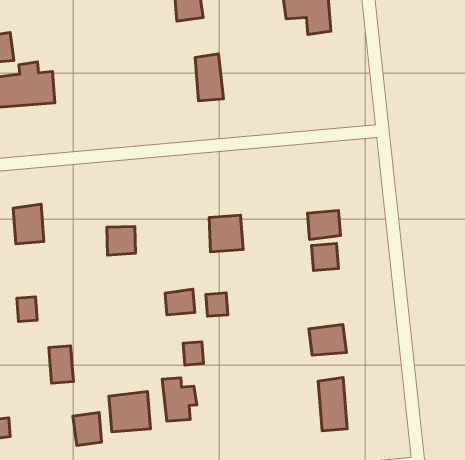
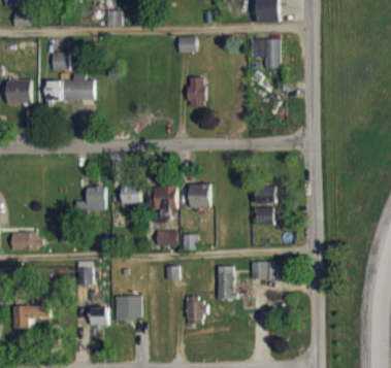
building: [13,204,44,244] -> [87,186,105,210]
building: none -> [155,186,176,208]
building: [318,378,347,431] -> [218,265,234,299]
building: [162,378,197,421] -> [186,296,207,324]

